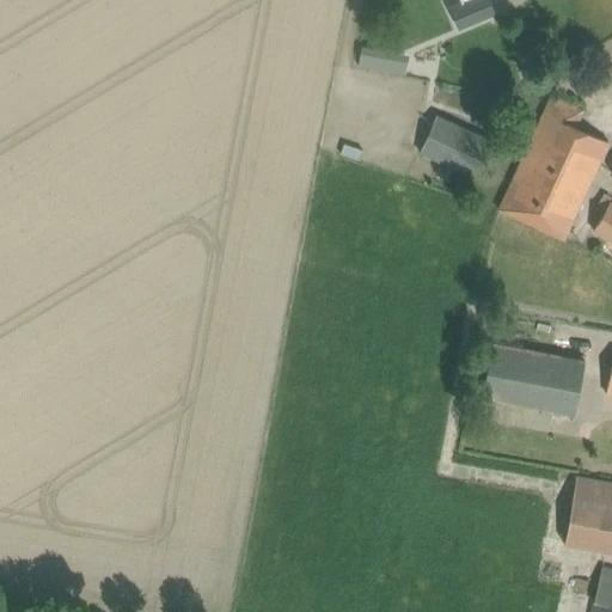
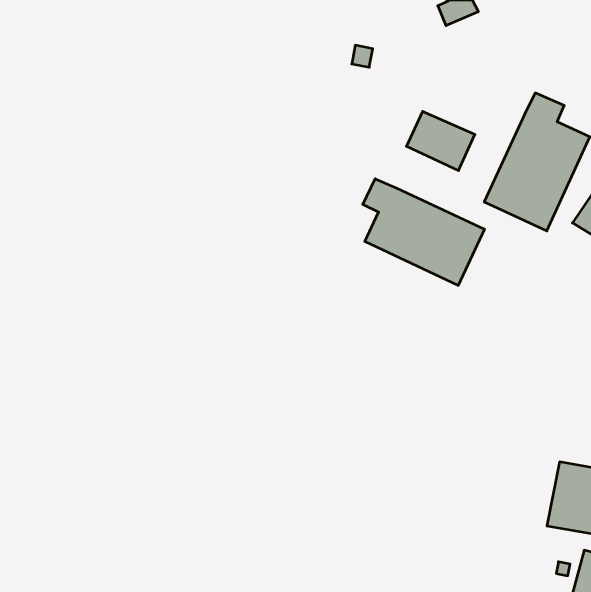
building: none -> [363,179,484,285]
building: [479,344,588,429] -> none

